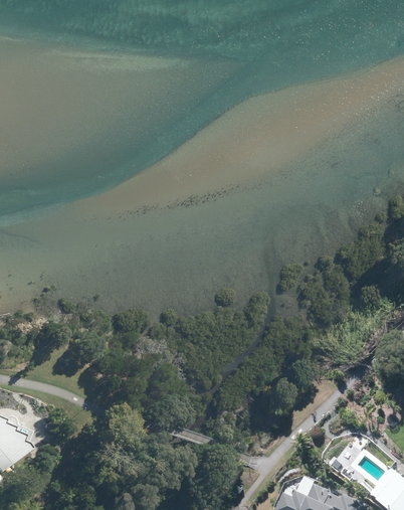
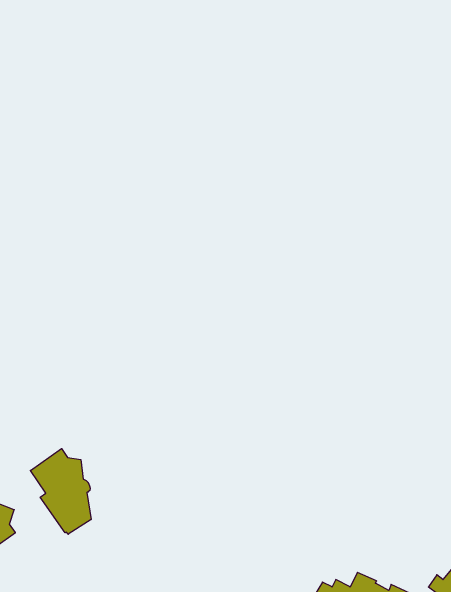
building: none -> [30,449,91,534]

